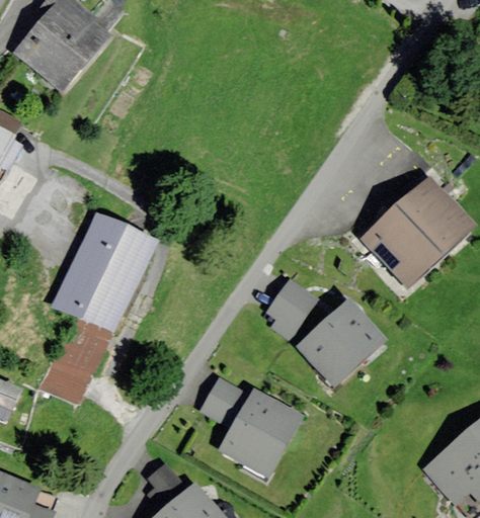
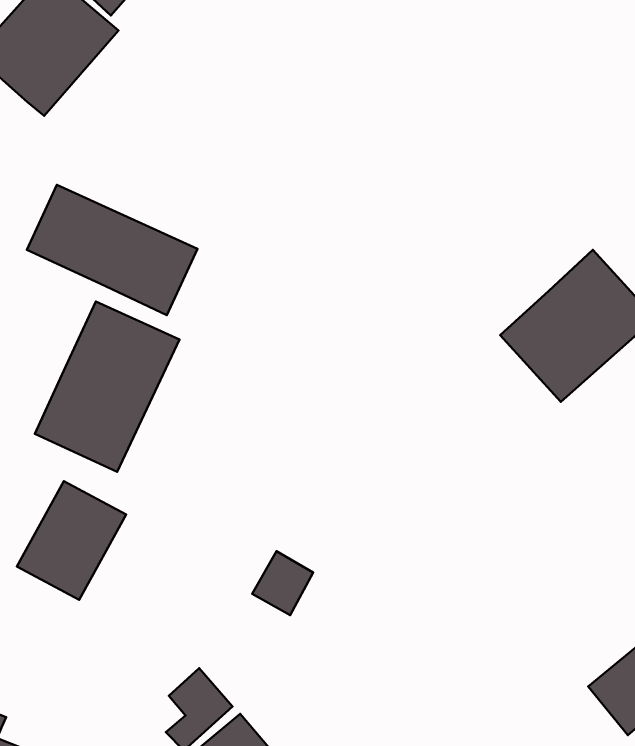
building: none -> [27,185,198,315]
building: [268,284,385,383] -> none
building: [221,388,299,472] -> none

